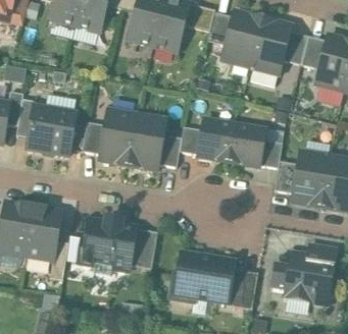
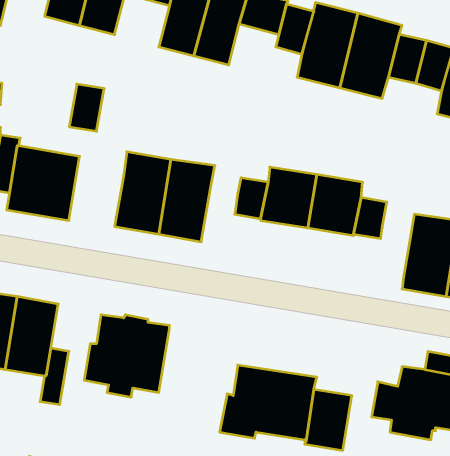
building: [82,121,105,153] -> [69,84,104,131]
building: [158,133,182,166] -> none
building: [275,160,298,192] -> none
building: [130,227,157,267] -> none

